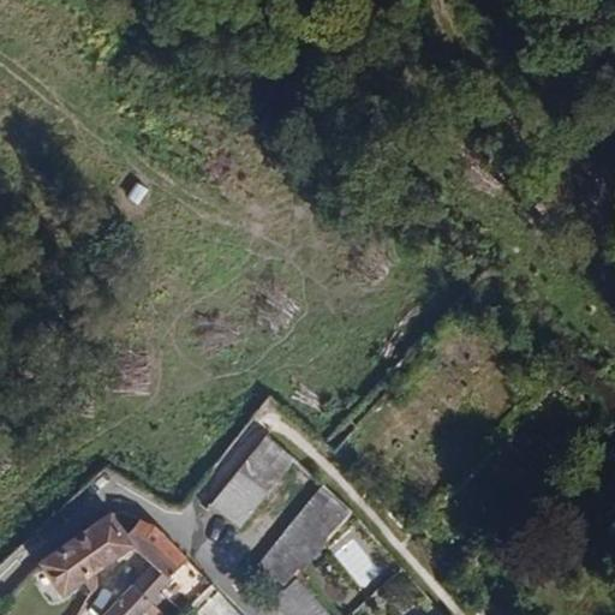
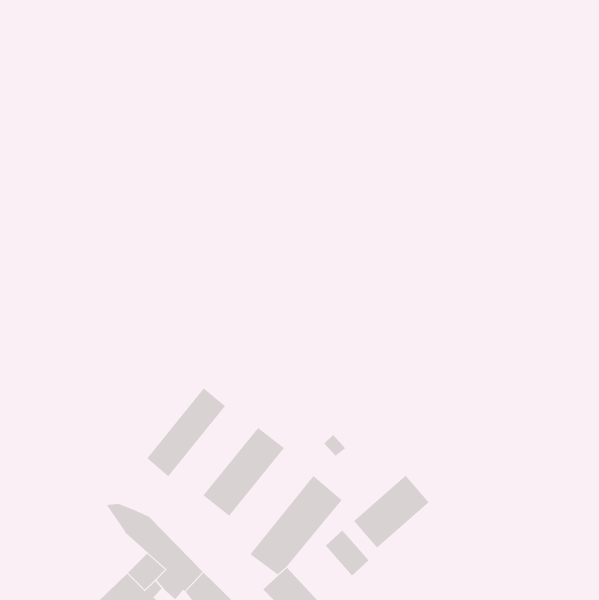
building: none -> [146,388,226,477]
building: none -> [353,475,429,549]
building: [40,517,127,596] -> none

